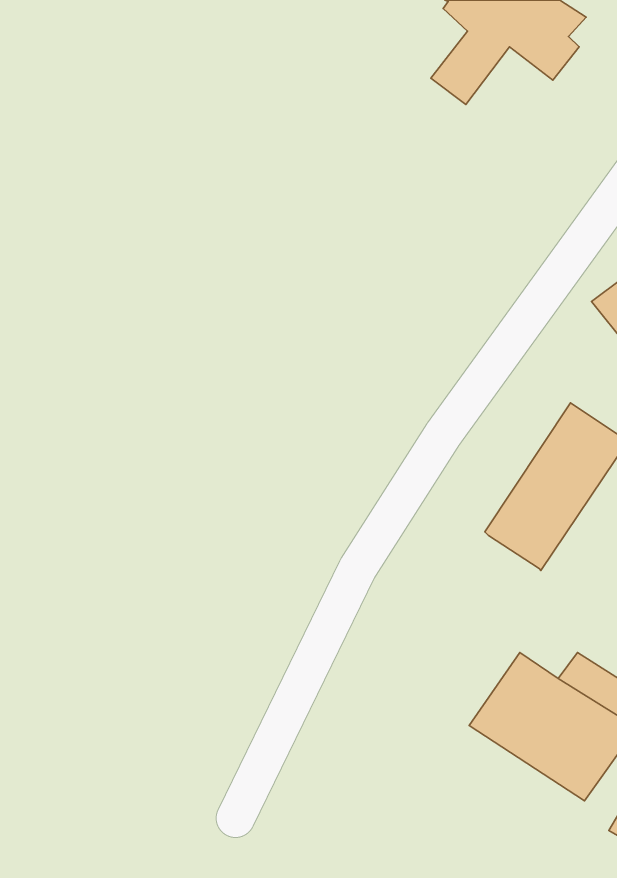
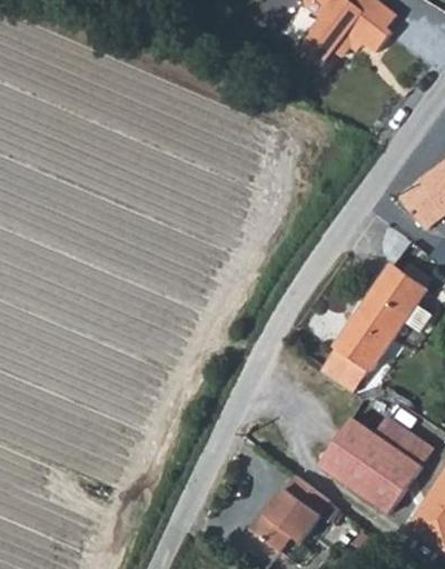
building: none -> [317,342,367,389]
building: none -> [258,477,330,551]

